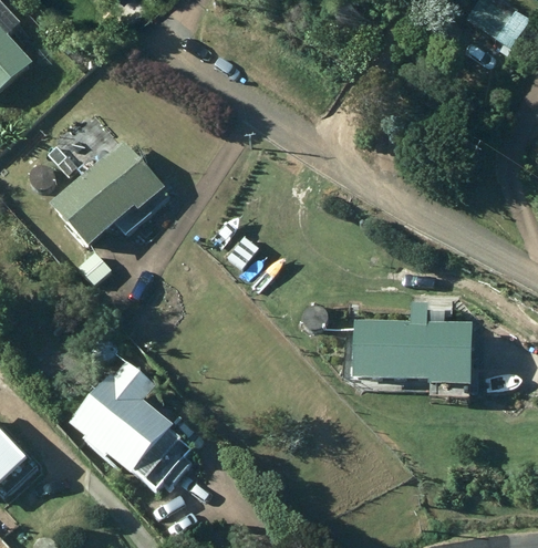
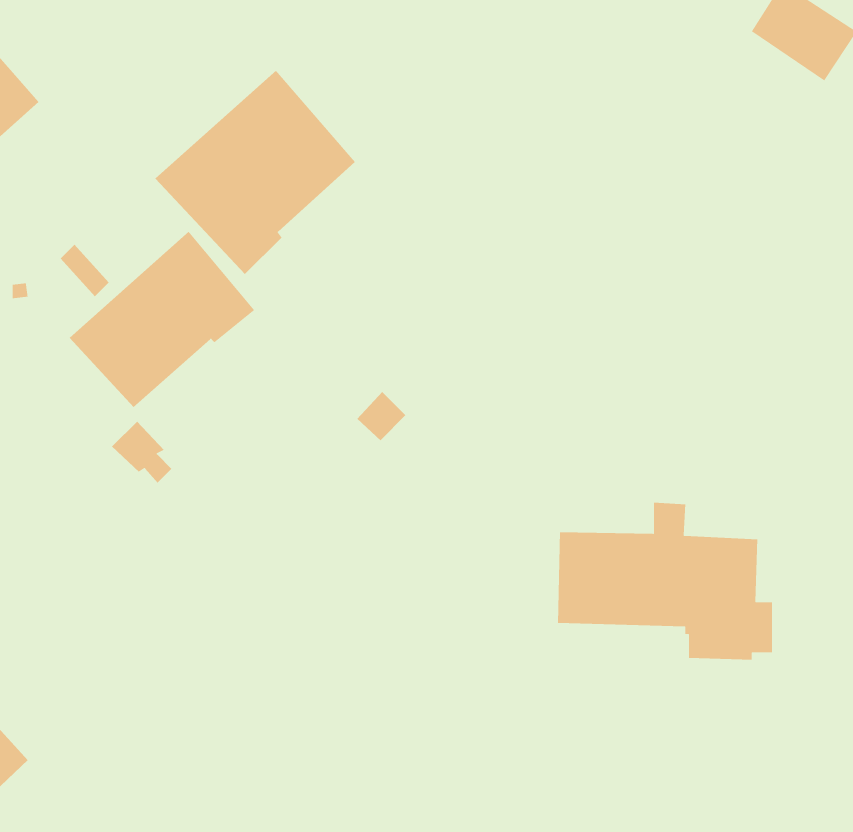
building: none -> [154,70,356,275]
building: [70,361,192,489] -> none

